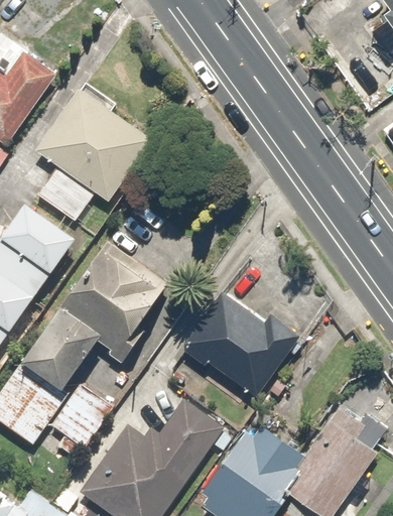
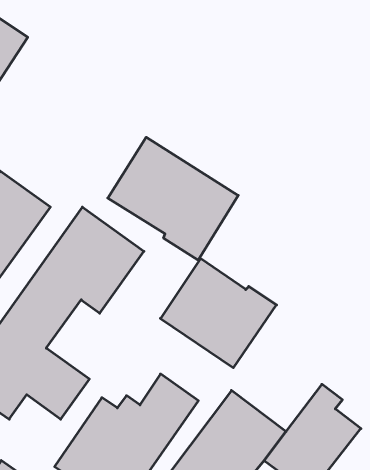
building: [36,90,152,220] -> none
building: none -> [108,137,238,260]

